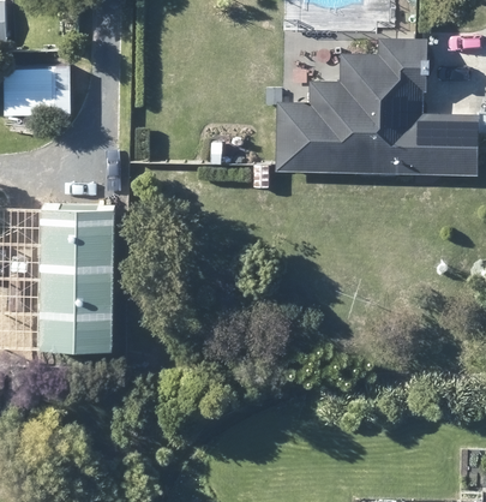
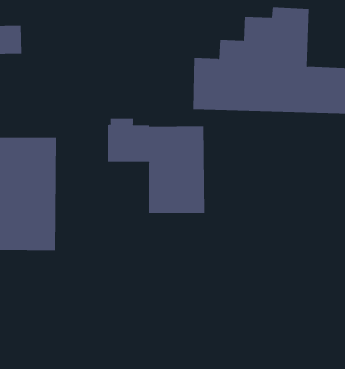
building: none -> [108,118,205,214]

